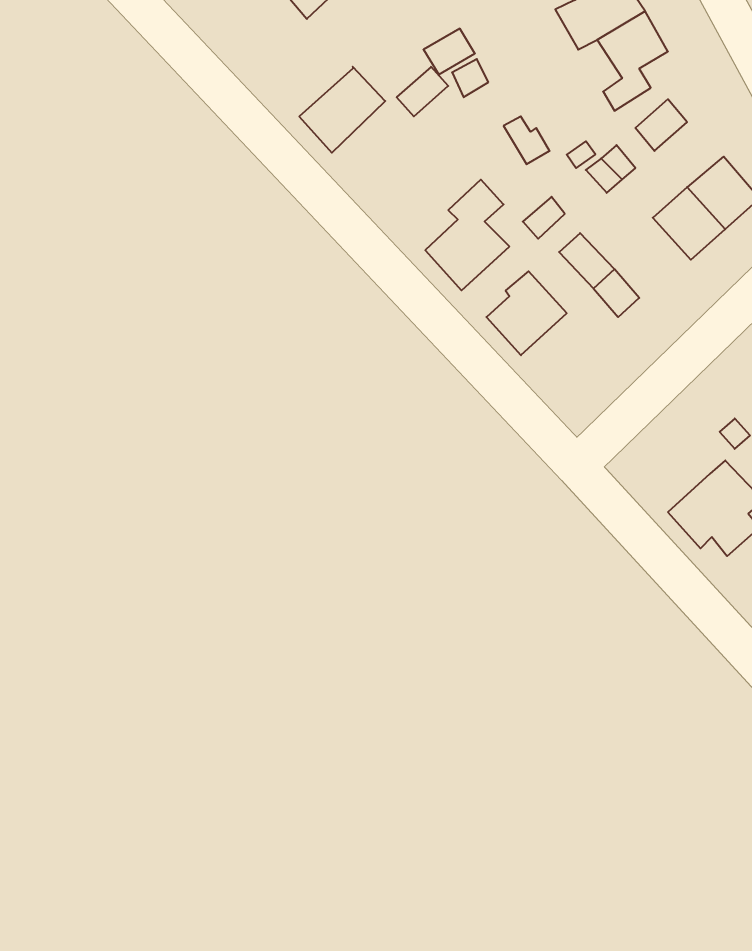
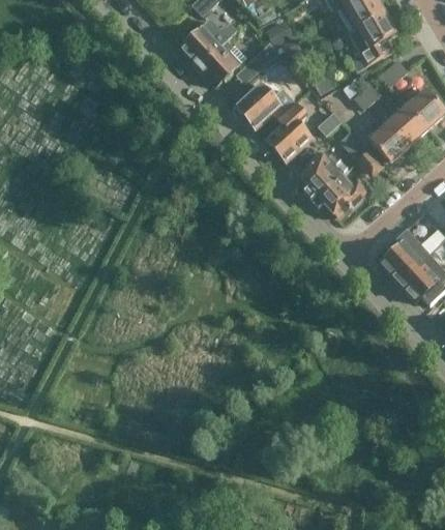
building: none -> [179,21,227,66]
building: none -> [235,82,296,127]
building: none -> [370,121,410,160]
building: none -> [318,173,370,216]
building: none -> [380,240,420,281]

